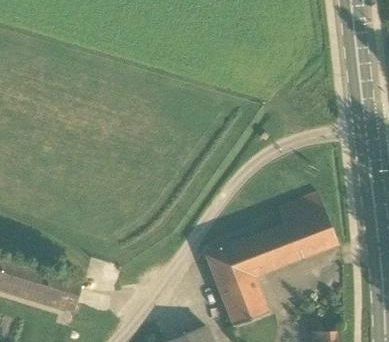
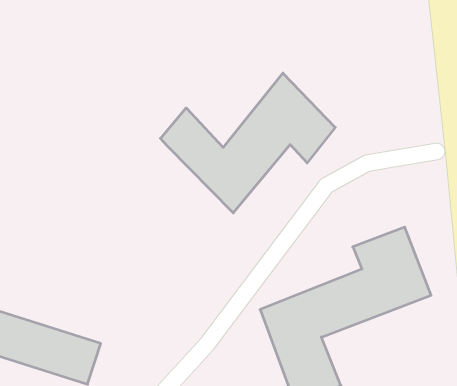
building: none -> [160,73,335,213]

